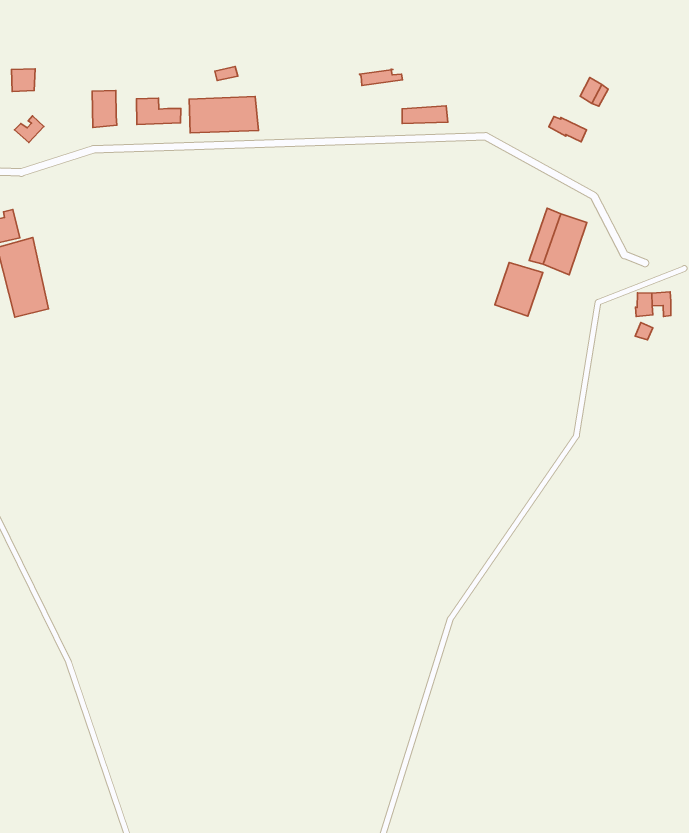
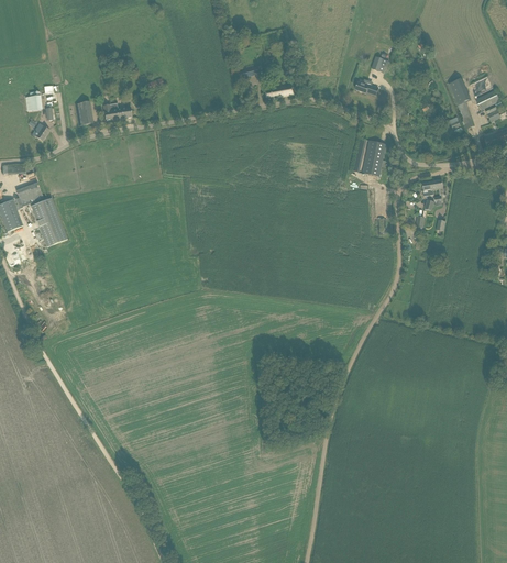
building: [189,97,258,133] -> none
building: [495,262,543,316] -> none

